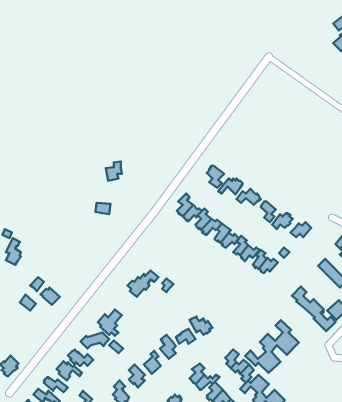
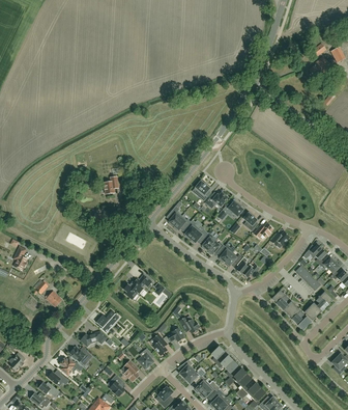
building: [245,320,299,373] -> none

